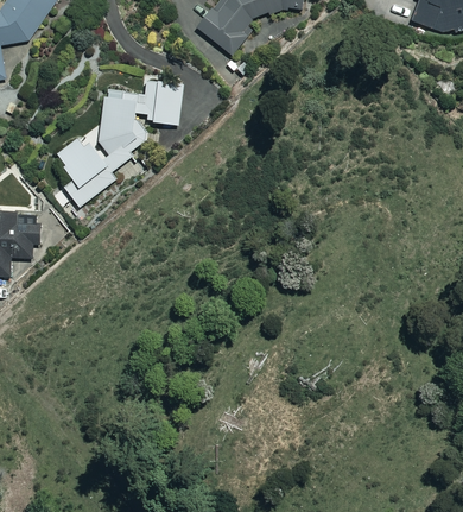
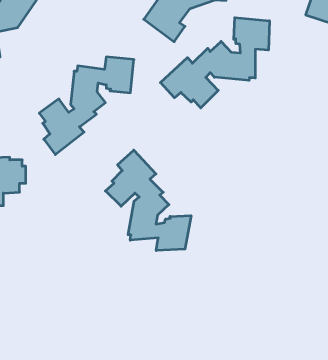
building: none -> [160,18,269,108]
building: none -> [105,150,191,251]

